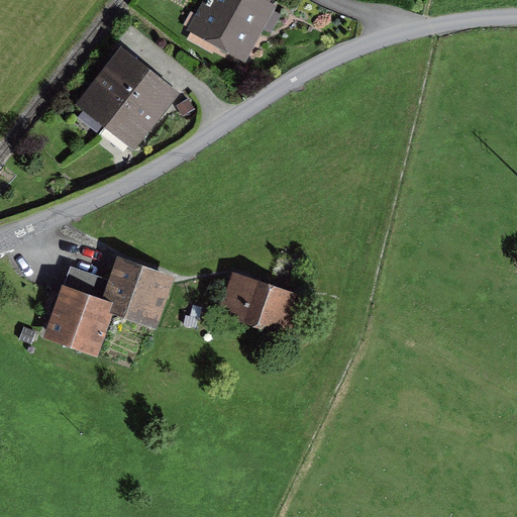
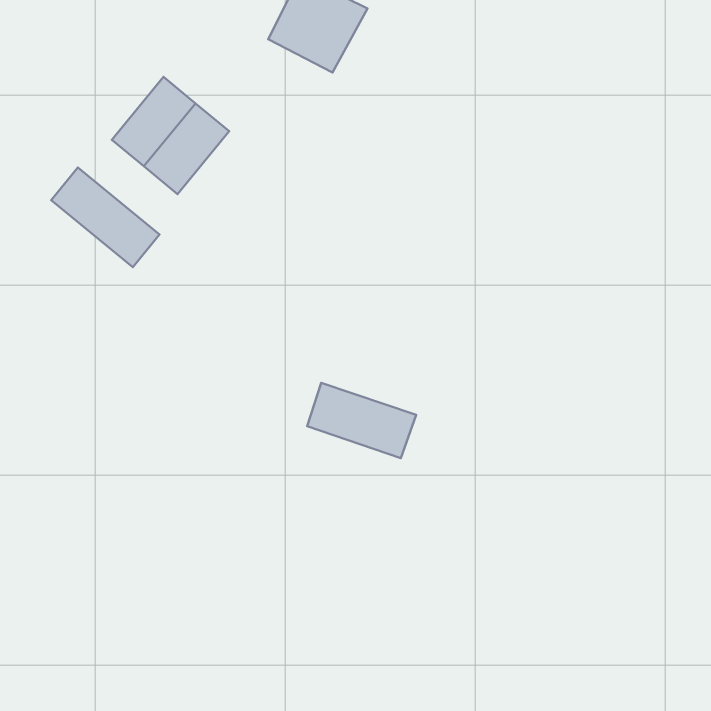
building: none -> [51,167,160,267]
building: [47,262,168,350] -> none

